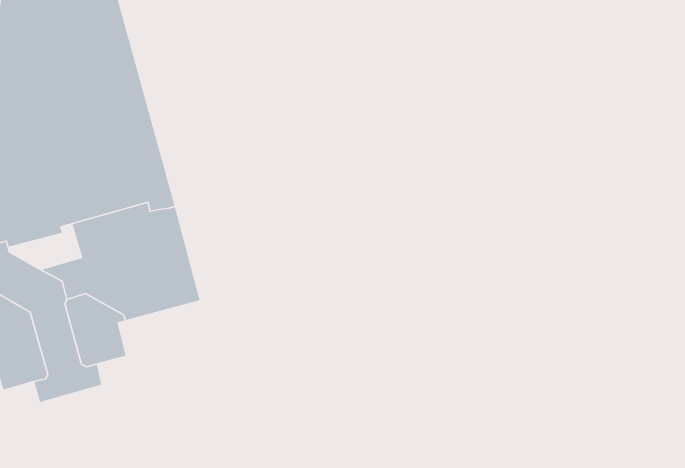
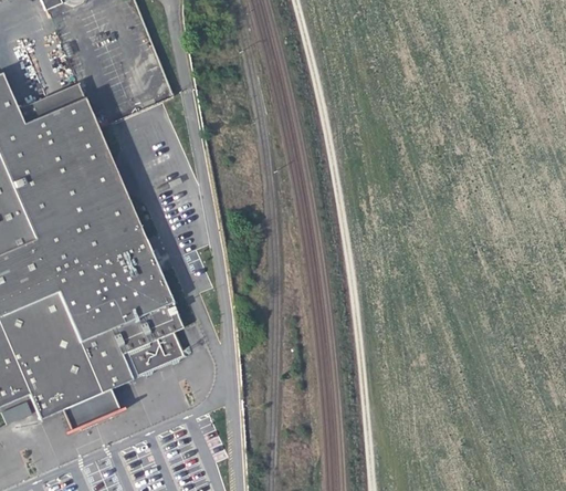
building: none -> [32,283,88,321]
building: none -> [123,331,185,377]

